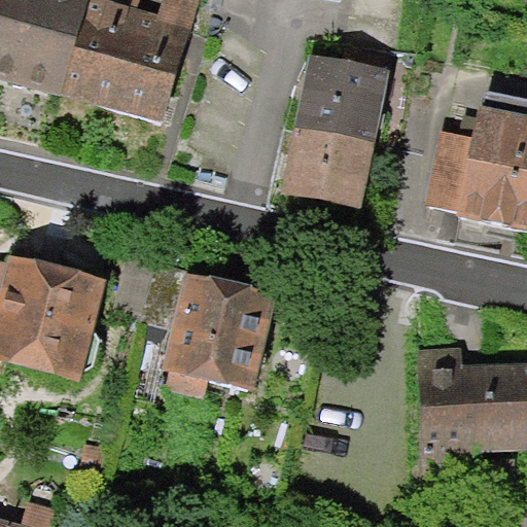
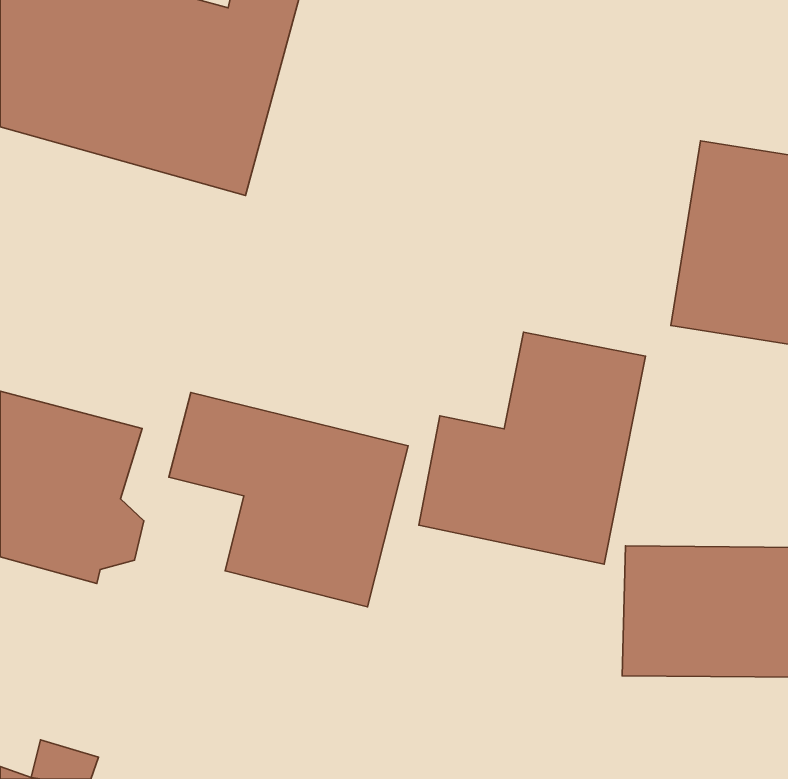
building: [274,36,390,204] -> none
building: none -> [419,332,646,564]

